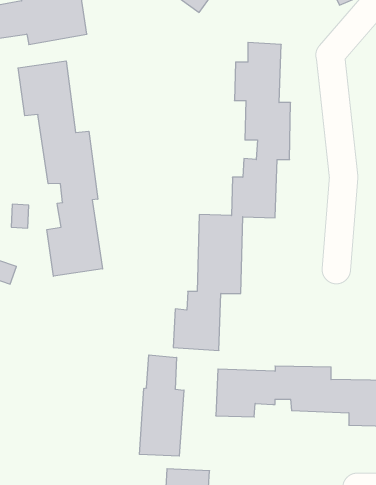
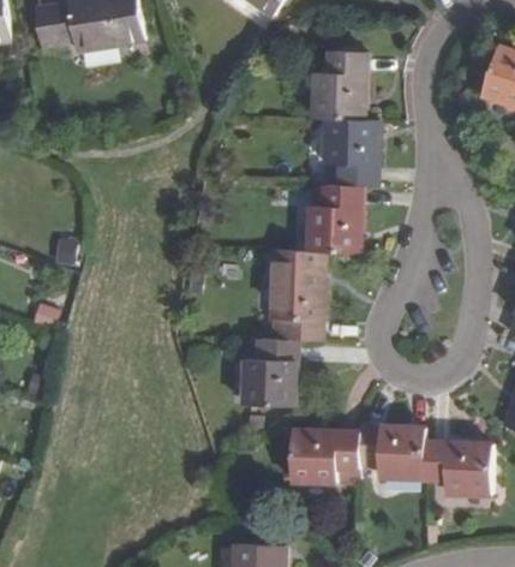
building: [18,61,103,276] -> none
building: [139,355,184,456] -> none

